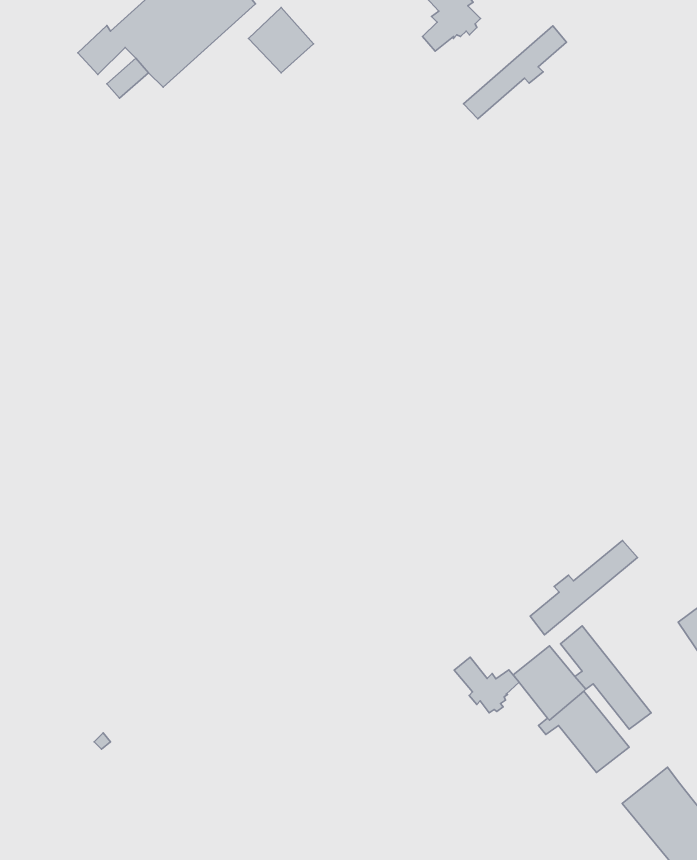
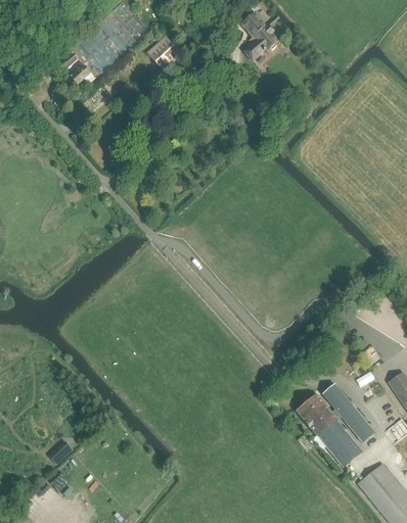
building: [464,26,566,119] -> none
building: [530,540,637,635] -> none
building: [454,657,519,713] -> none

